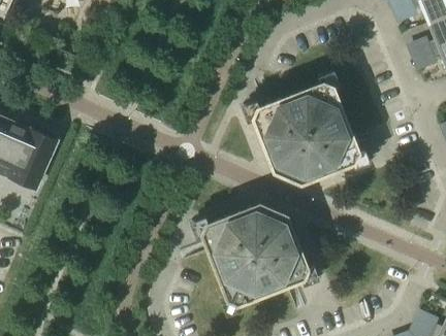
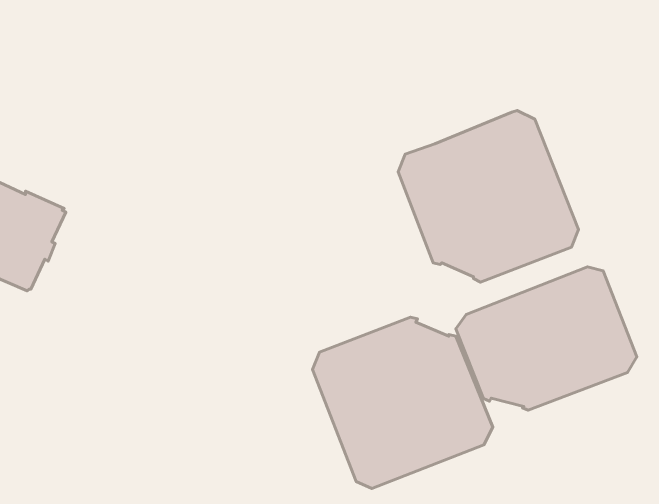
building: none -> [456,267,637,410]

